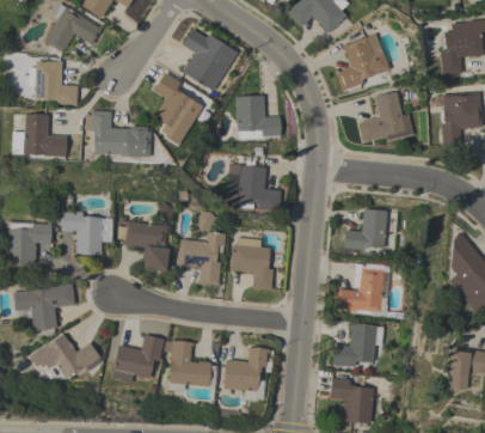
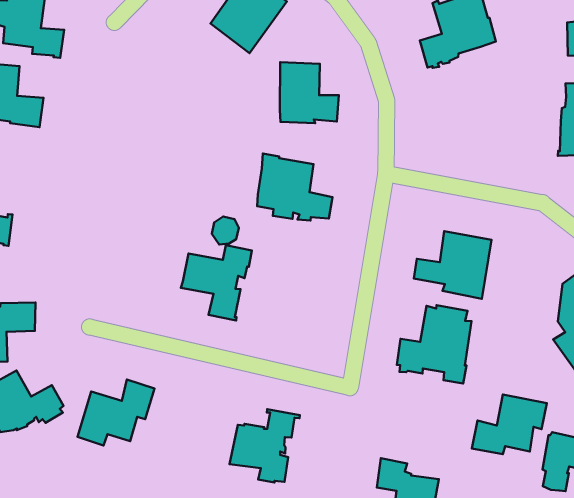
building: [153,72,208,132] -> none
building: [358,91,413,141] -> none
building: [85,110,151,157] -> none
building: [61,211,111,255] -> none
building: [117,215,170,270] -> none
building: [231,237,274,291] -> none
building: [332,323,383,366] -> [472,395,547,454]
building: [164,340,216,390] -> none

